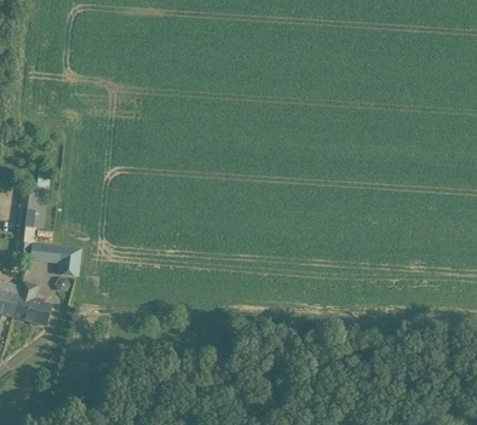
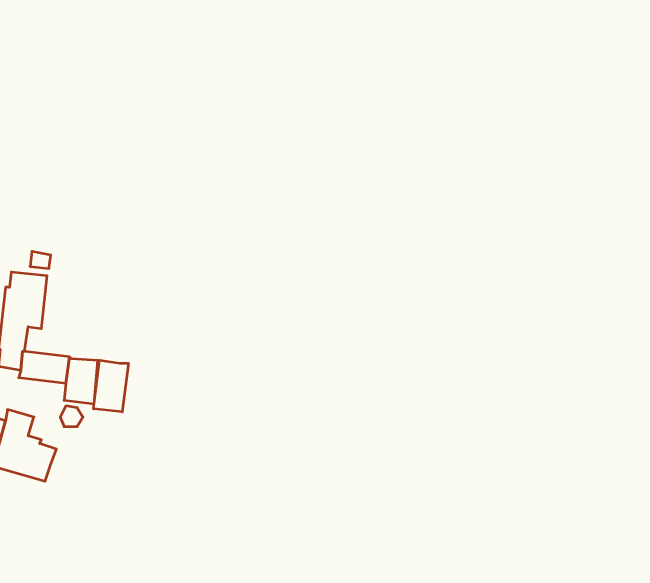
building: none -> [94,360,128,412]

